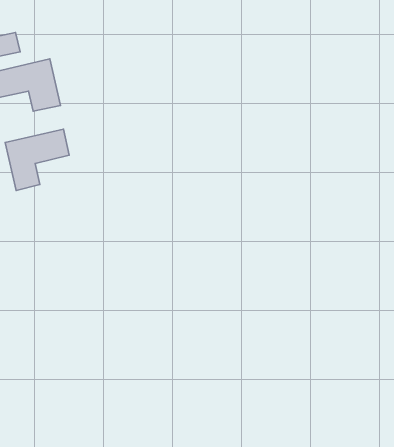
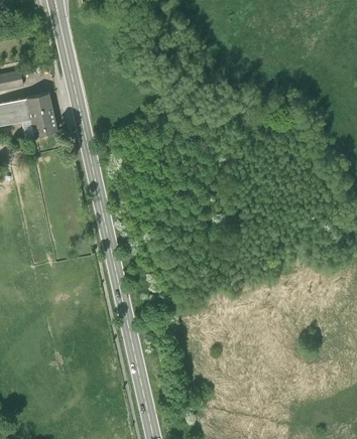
building: [5,129,69,190] -> none

